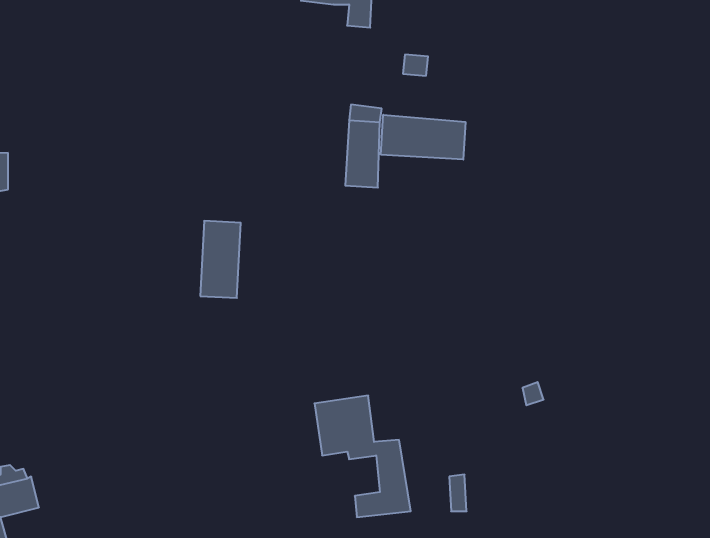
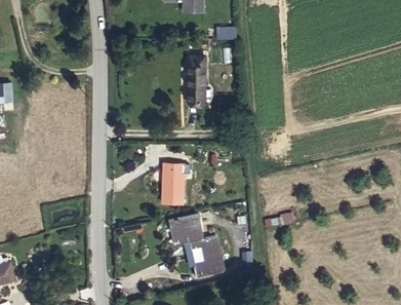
building: [381,115,465,160] -> none
building: [200,221,241,298] -> [161,161,183,202]

